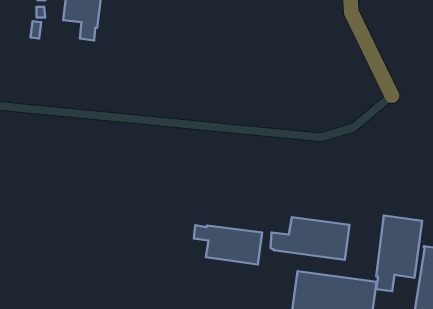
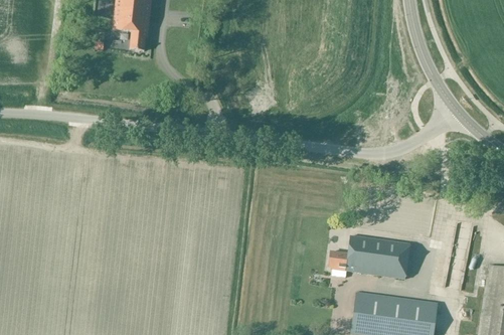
building: [376,215,422,291] -> none
building: [194,225,262,264] -> none

